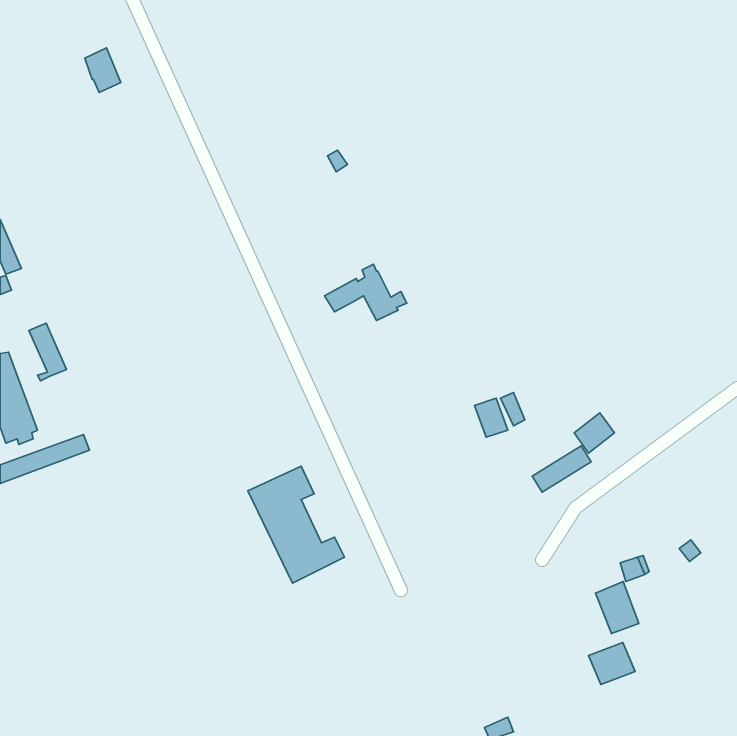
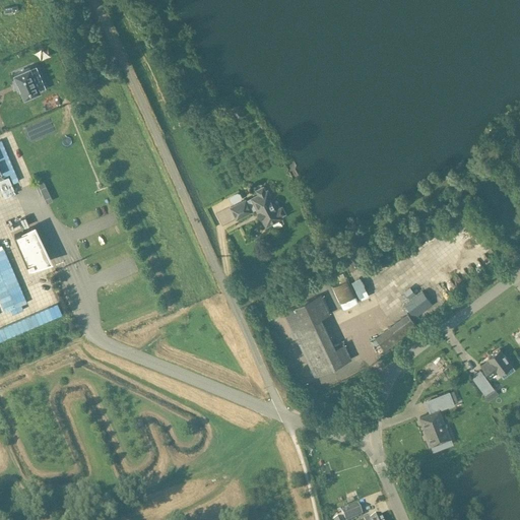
building: [85,48,121,93] -> [14,68,40,100]
building: [248,466,344,583] -> [283,296,351,378]
building: none -> [481,350,511,378]
building: [589,642,635,684] -> none

